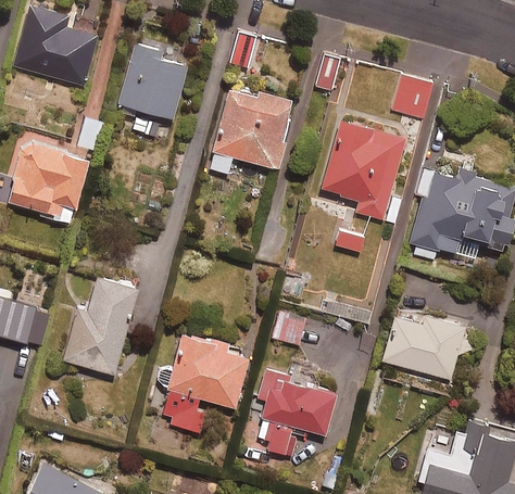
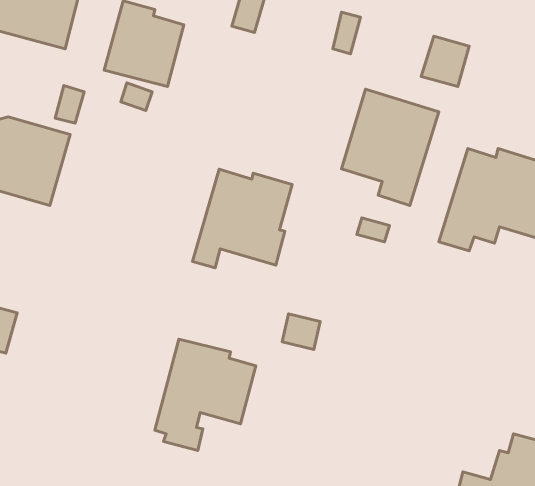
building: [208,88,293,173] -> [193,169,292,268]
building: [61,278,139,376] -> none
building: [382,308,469,379] -> none
building: [258,366,337,456] -> none

